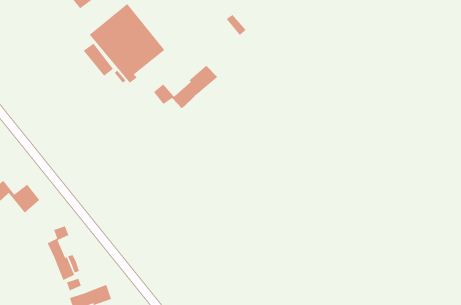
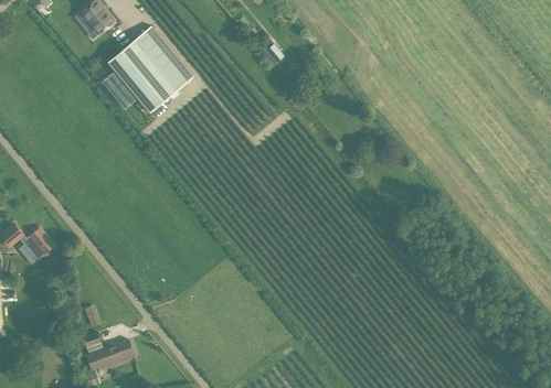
building: [153,65,218,109] -> none
building: [47,225,75,281] -> none

